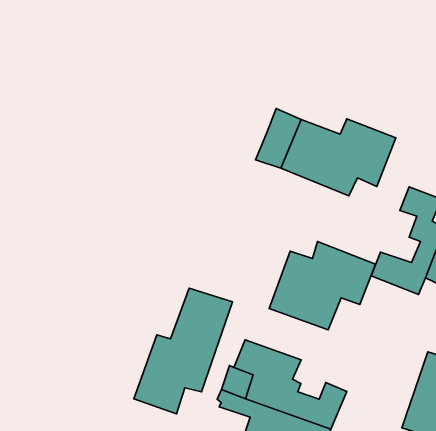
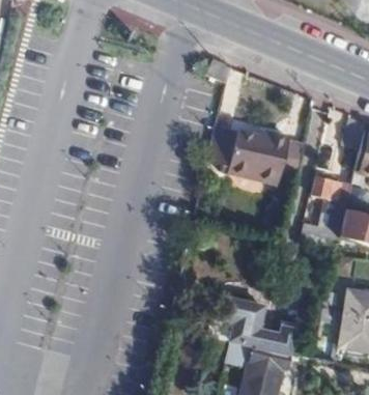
building: [269,242,376,330] -> none
building: [134,288,233,414] -> none

